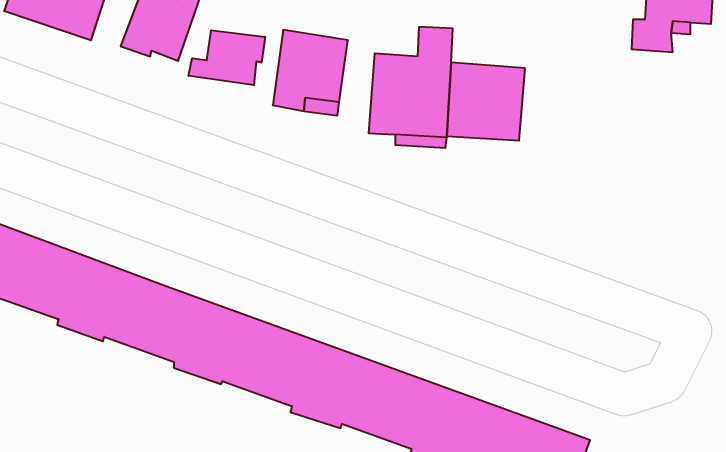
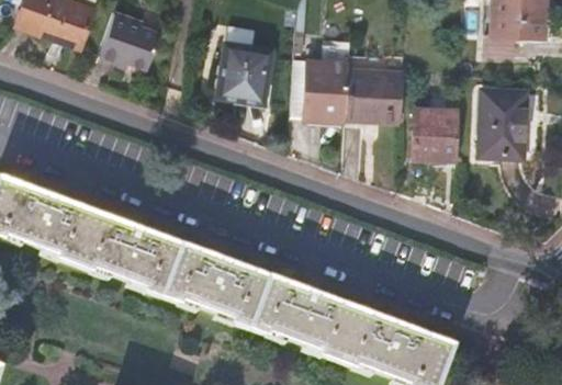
building: [189,30,265,85] -> none
building: none -> [481,89,528,157]
building: none -> [413,104,460,158]

